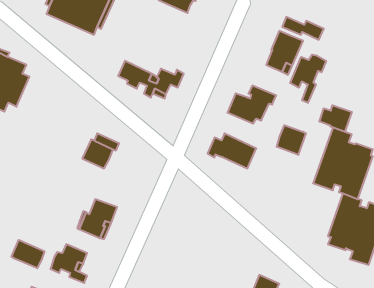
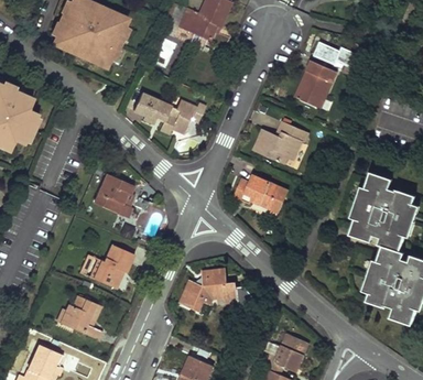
building: [290,55,326,103] -> none
building: [319,105,352,132] -> none
building: [277,125,306,155] -> none
building: none -> [181,268,260,311]
building: [12,240,44,268] -> none

